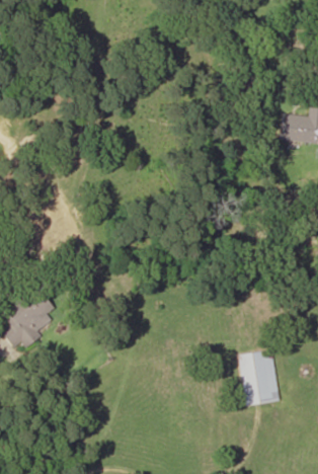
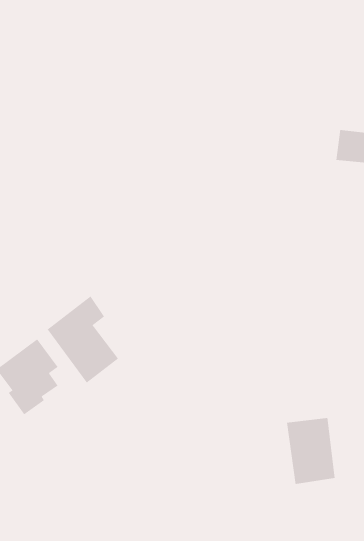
building: none -> [47,296,119,384]

